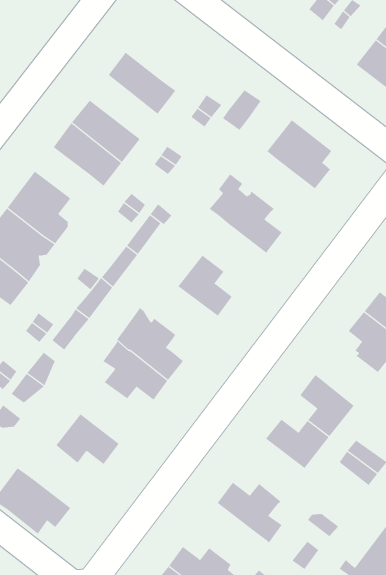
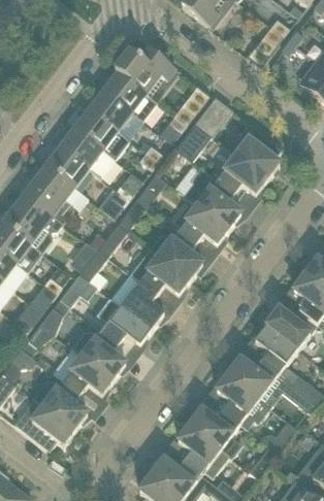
building: none -> [115,45,175,92]
building: none -> [90,88,143,138]
building: none -> [174,122,207,158]
building: none -> [46,144,90,185]
building: none -> [217,154,267,193]
building: none -> [173,198,229,243]
building: none -> [140,254,191,294]
building: none -> [267,307,317,347]
building: none -> [71,329,126,377]
building: none -> [217,373,269,423]
building: none -> [33,378,87,428]
building: none -> [177,424,229,475]

